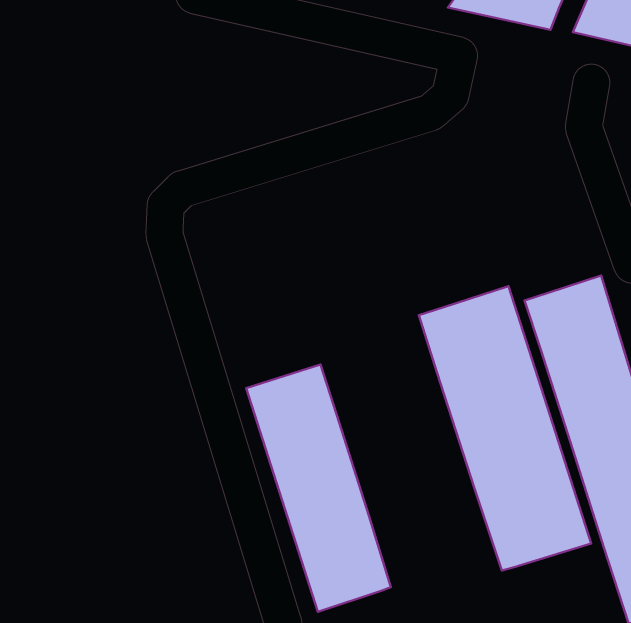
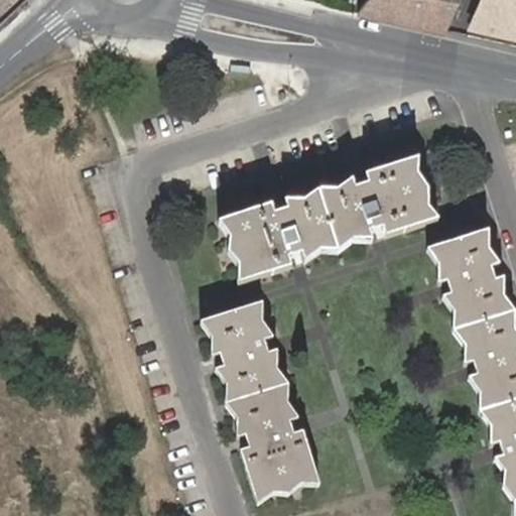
building: none -> [219,154,438,277]
building: [419,286,591,570] -> none

